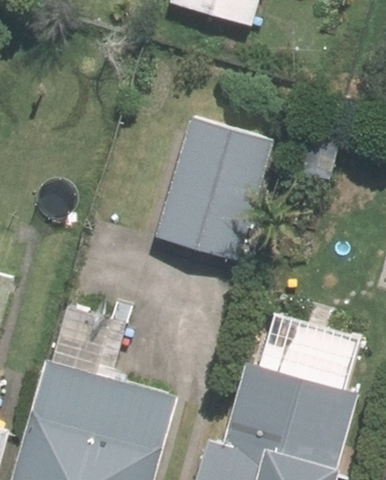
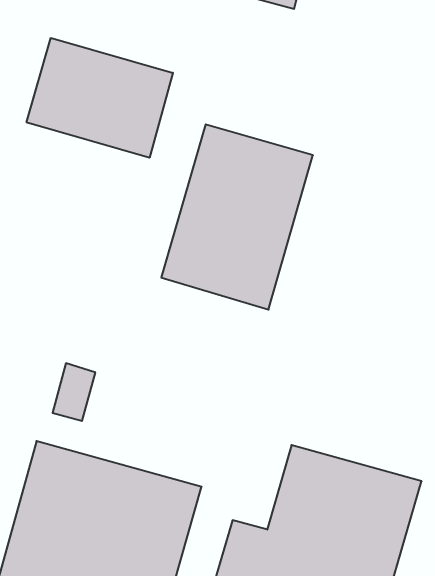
building: none -> [27,38,173,158]

